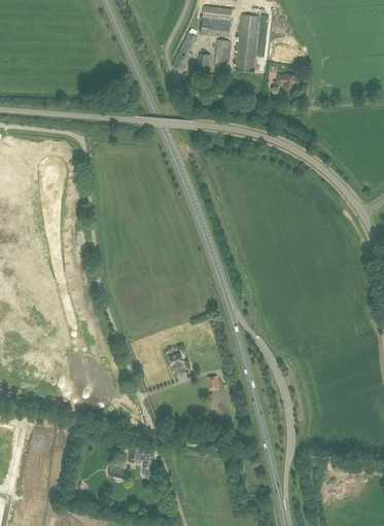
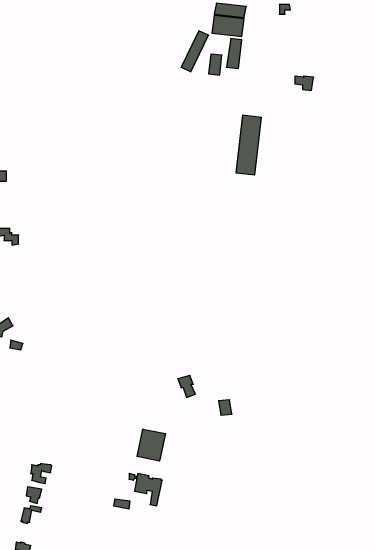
building: [235,13,258,69] -> [236,115,261,175]
building: none -> [137,429,165,461]

